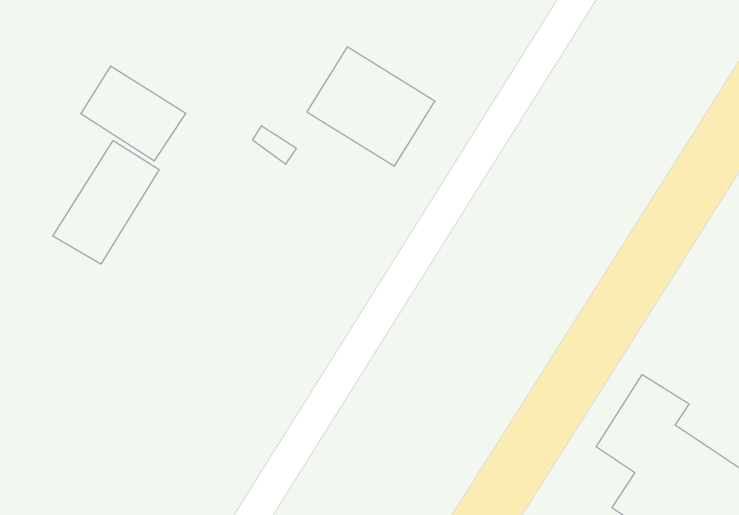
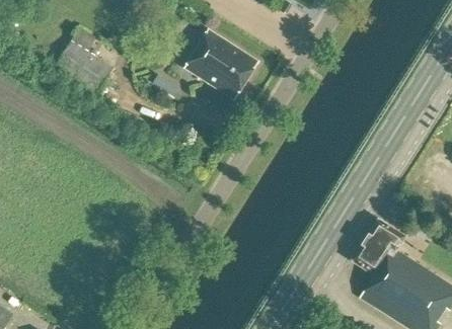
building: [53,141,159,264] -> none

